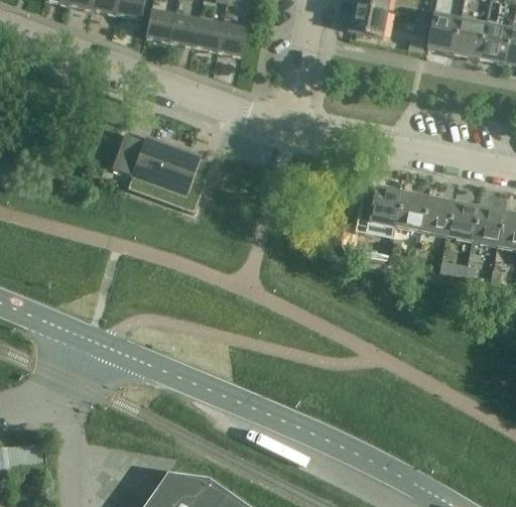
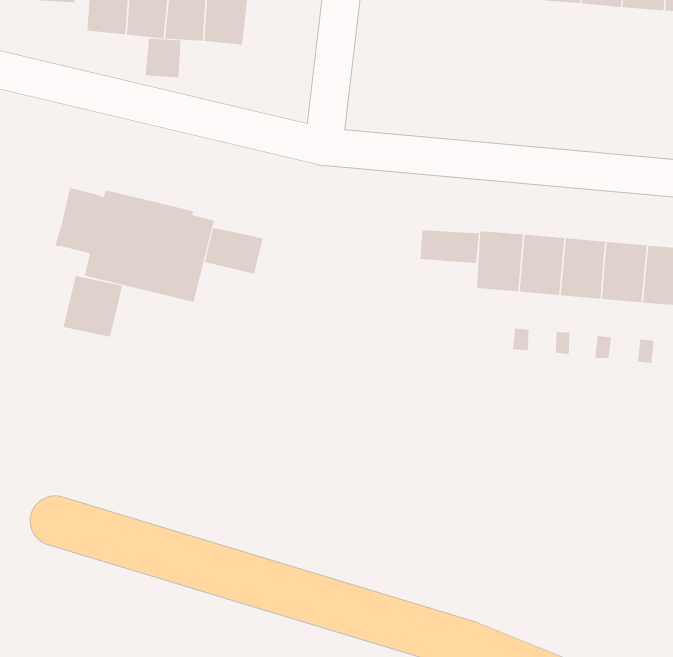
building: none -> [145,38,181,78]
building: none -> [204,227,263,274]
building: none -> [420,230,480,264]
building: none -> [63,275,123,338]

